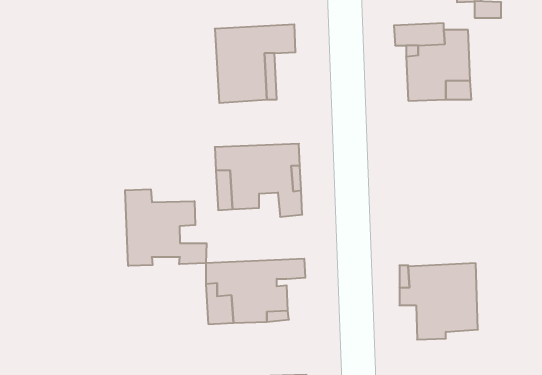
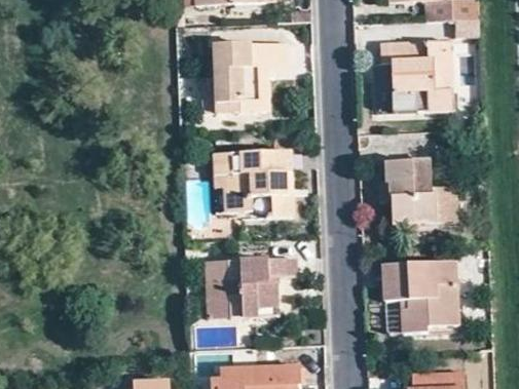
building: none -> [387,157,439,223]
building: [125,189,207,266] -> none

